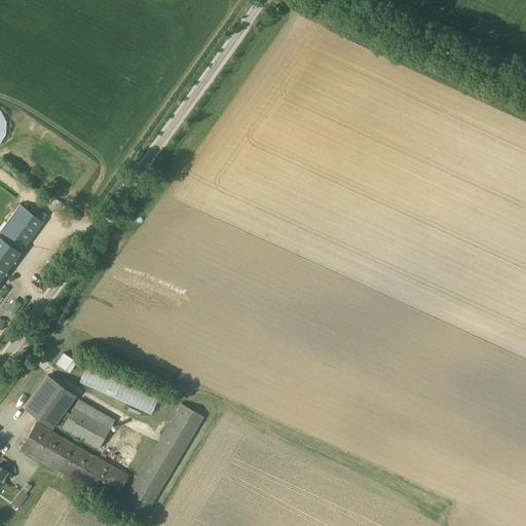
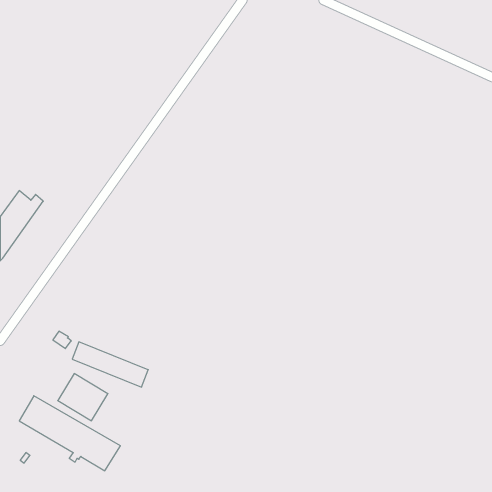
building: [24,375,76,428] -> none
building: [119,404,203,521] -> none

